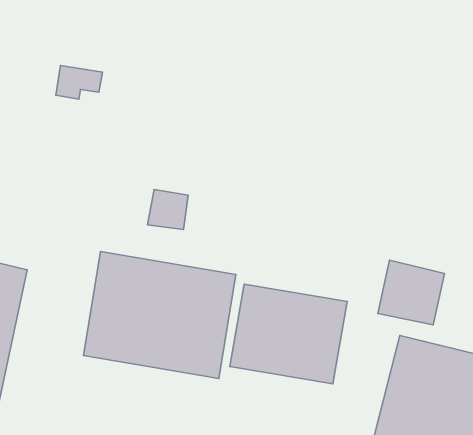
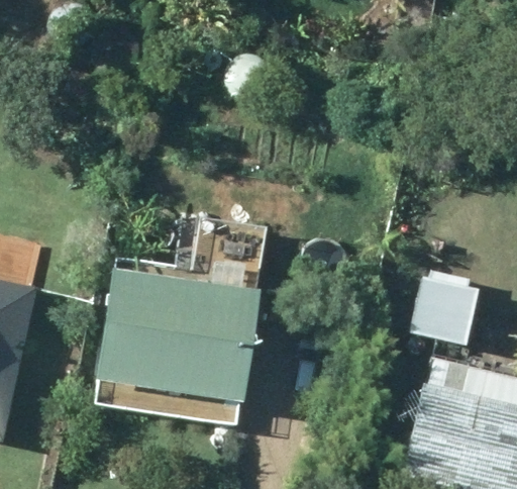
building: [230,284,347,384] -> none

